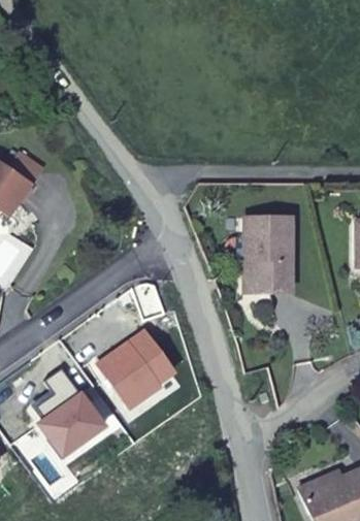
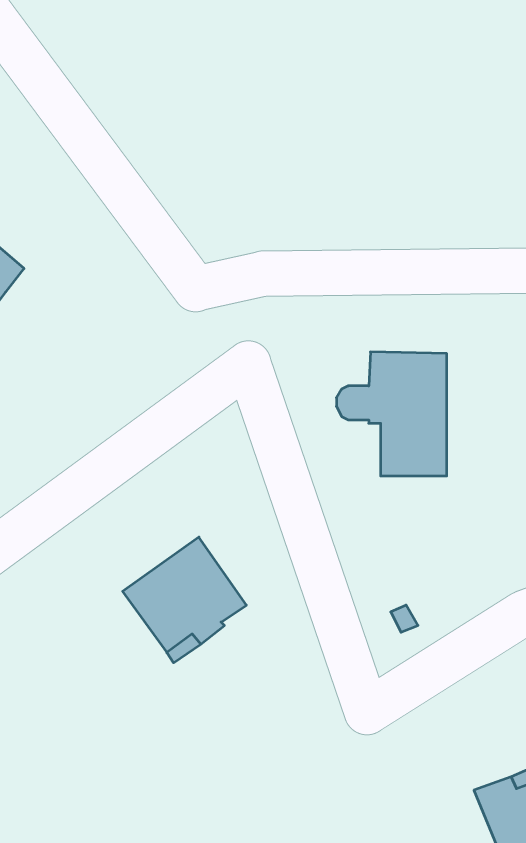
building: [37,369,103,453] -> none

